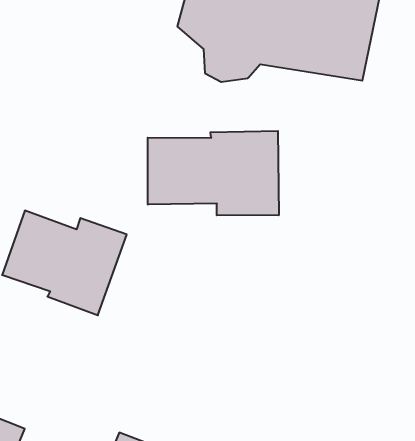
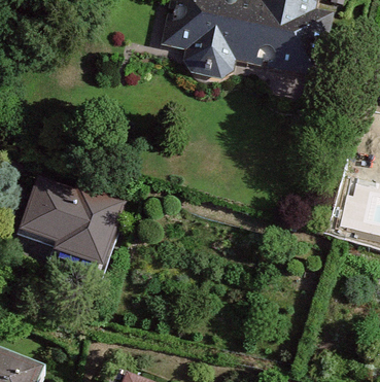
building: [148,131,279,215] -> none

